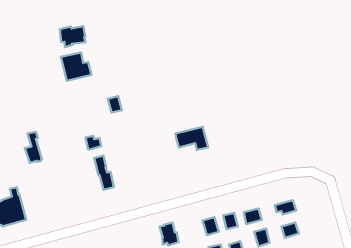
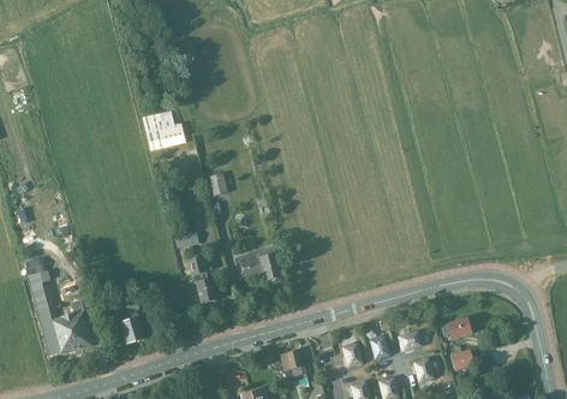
building: [60,26,85,47] -> none
building: [175,127,208,150] -> [237,248,282,280]
building: [25,132,42,163] -> [121,299,145,343]

